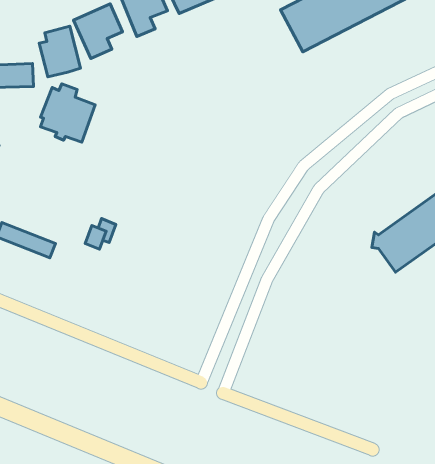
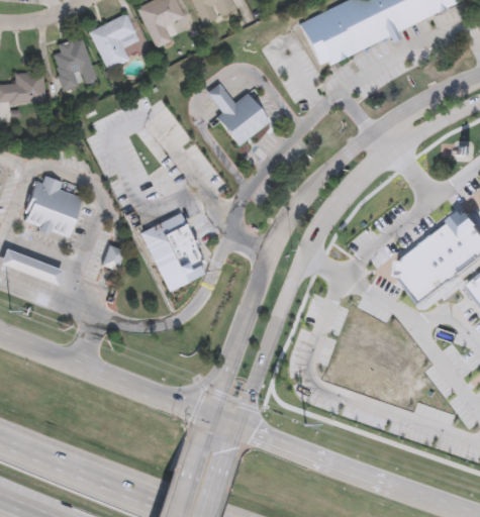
building: none -> [212,82,273,147]
building: [41,84,95,142] -> [17,182,75,243]
building: none -> [141,211,211,291]

